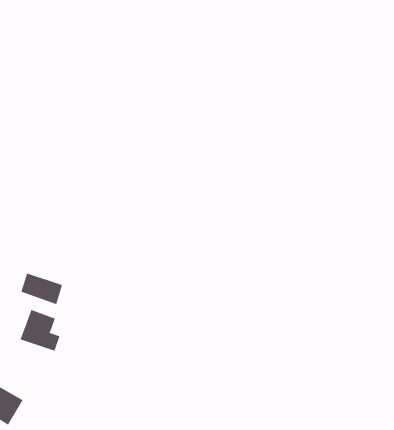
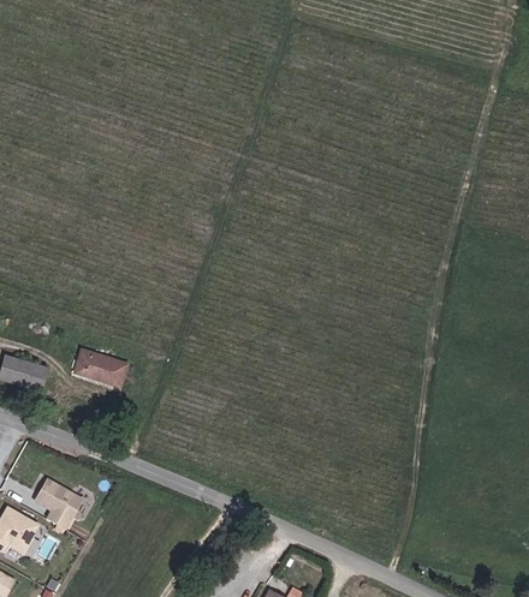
building: [20,309,60,351] -> none

